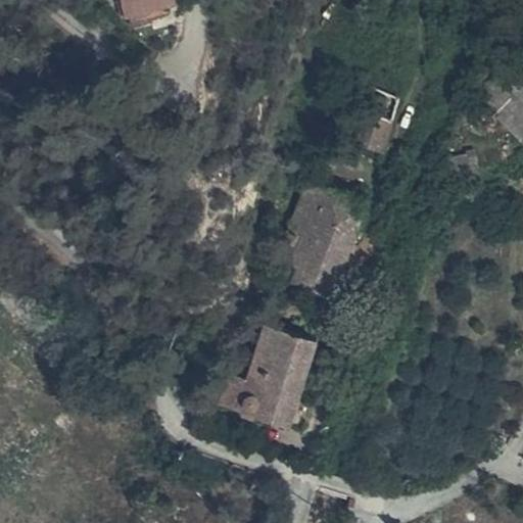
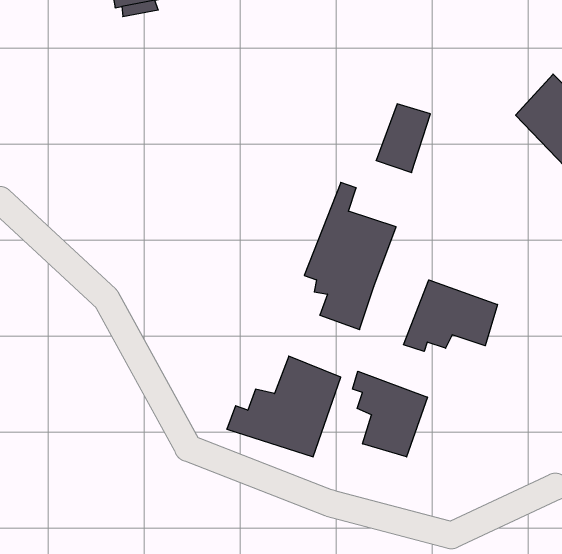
building: none -> [404,280,497,351]
building: none -> [352,371,427,457]

